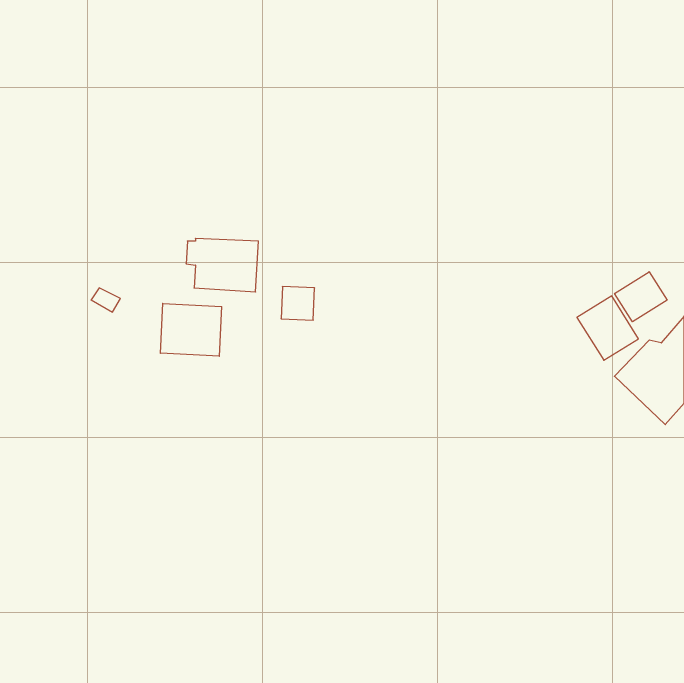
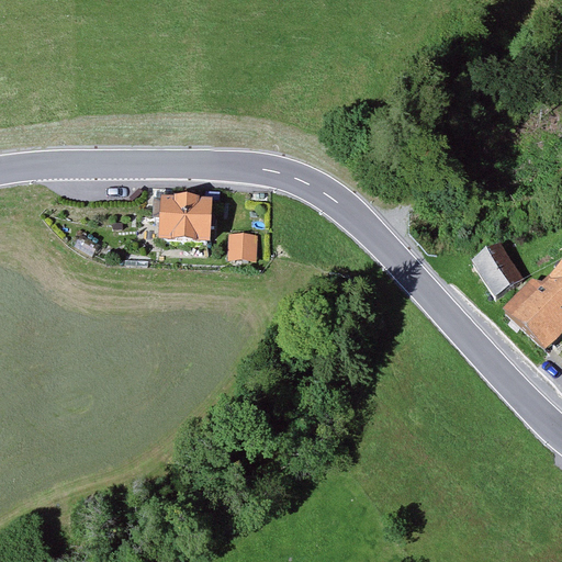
building: [615,272,667,322] -> none
building: [160,303,222,356] -> none

